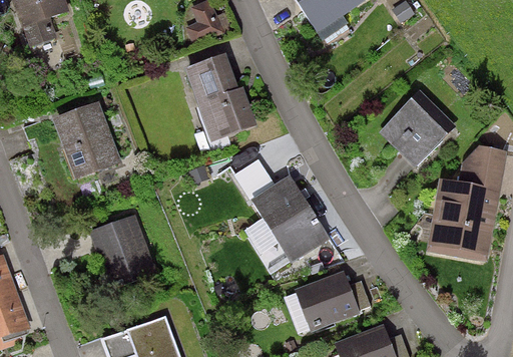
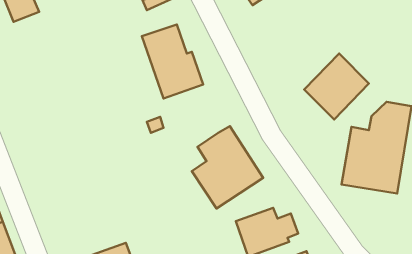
building: [50,100,121,180] -> none
building: [232,157,275,201] -> none
building: [86,213,156,290] -> none

